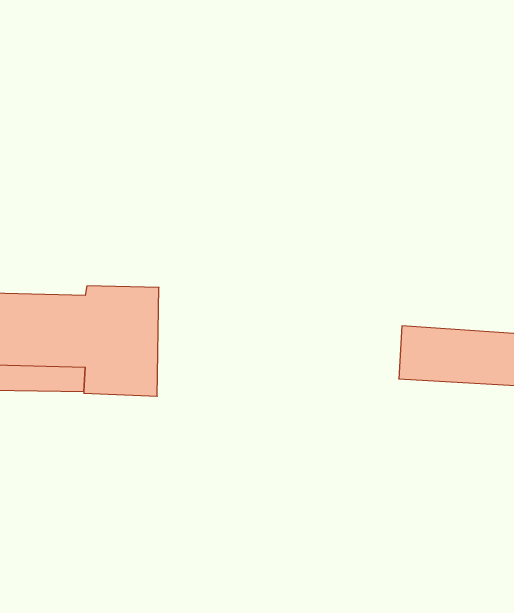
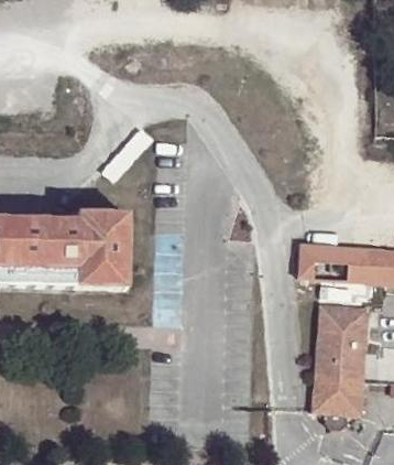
building: none -> [309,300,365,428]

